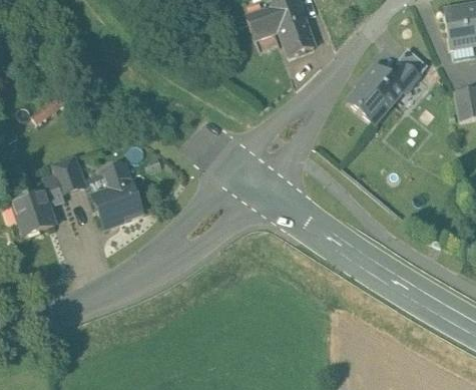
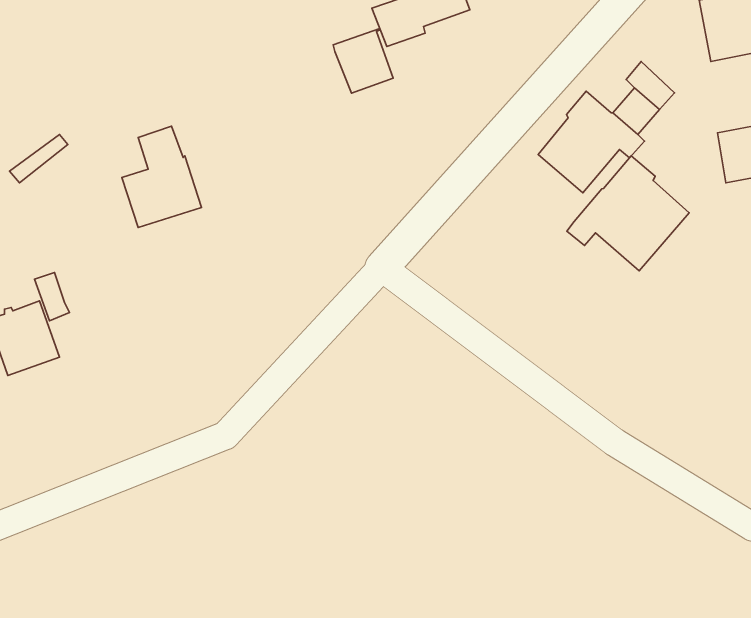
building: [277,16,313,55] -> [333,28,393,93]
building: none -> [567,156,689,271]
building: [50,154,83,192] -> none
building: [92,163,140,225] -> [122,126,201,227]

